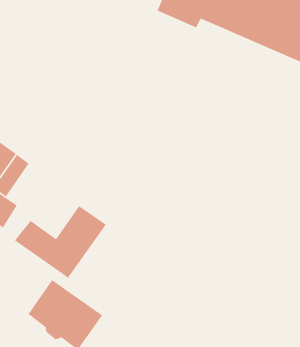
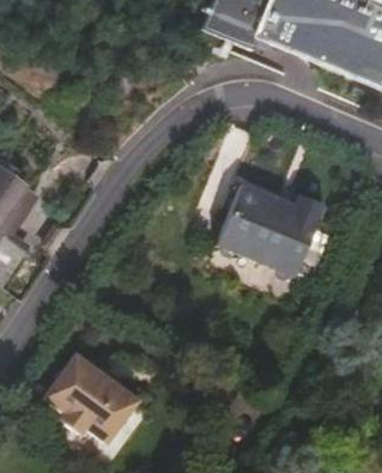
building: none -> [216,180,325,275]
building: [14,205,107,279] -> none

